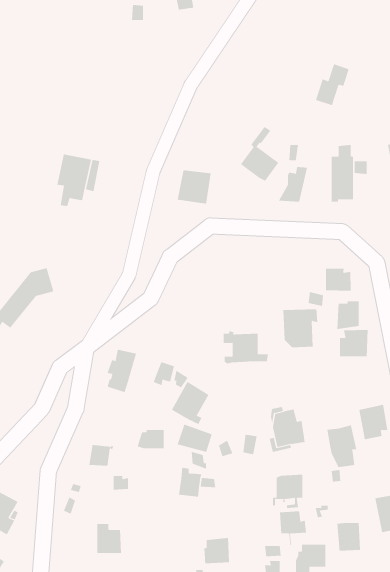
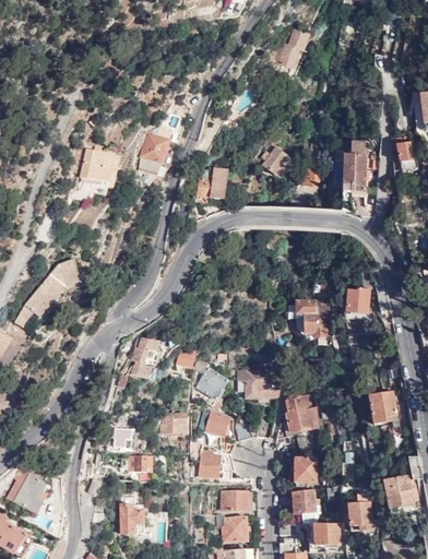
building: [315,63,350,106] -> [275,29,308,70]
building: none -> [140,139,169,185]
building: [325,268,351,292] -> none
building: [340,329,368,357] -> none
building: [223,331,269,364] -> [236,367,280,399]
building: [327,425,357,468] -> none
building: none -> [222,490,249,510]

